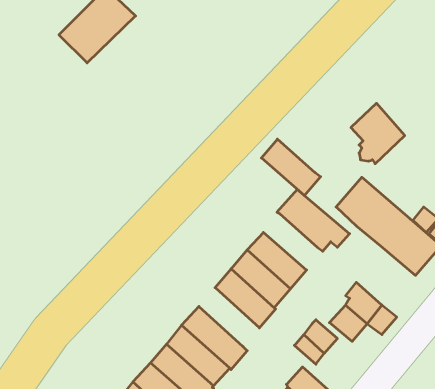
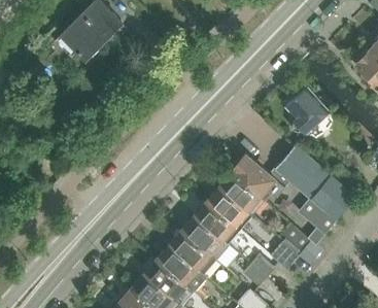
building: [261,139,321,196] -> [218,172,264,215]
building: none -> [297,197,335,233]
building: none -> [169,229,215,274]

